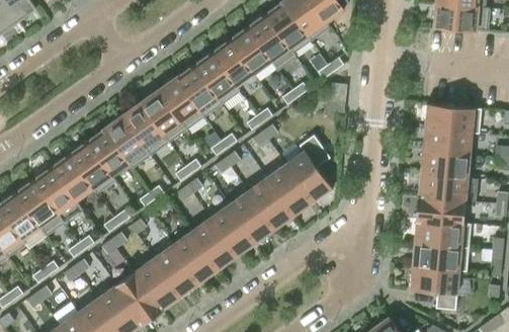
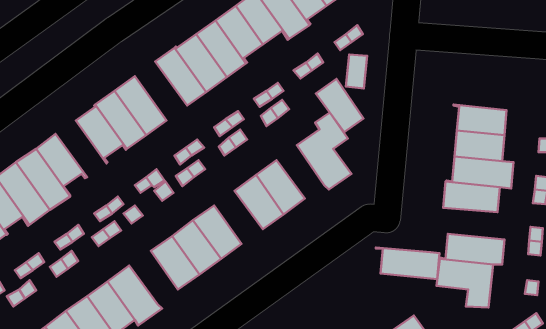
building: [140,89,186,142] -> none
building: [424,103,482,133] -> none
building: [69,142,114,192] -> none
building: [266,164,309,212] -> [316,79,364,132]
building: [210,204,254,252] -> none
building: [415,220,472,248] -> [376,247,439,279]
building: [135,258,178,306] -> none

